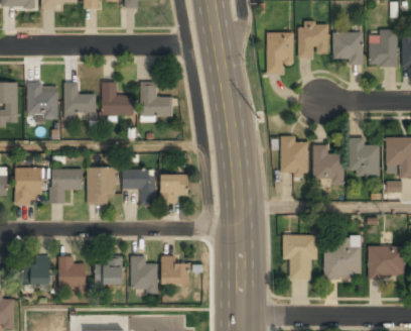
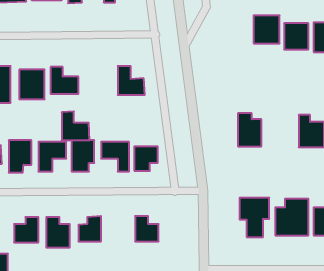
building: [267,32,293,74] -> none
building: [102,82,134,115] -> [62,111,90,140]
building: [313,144,342,185] -> none
building: [130,255,157,291] -> none

